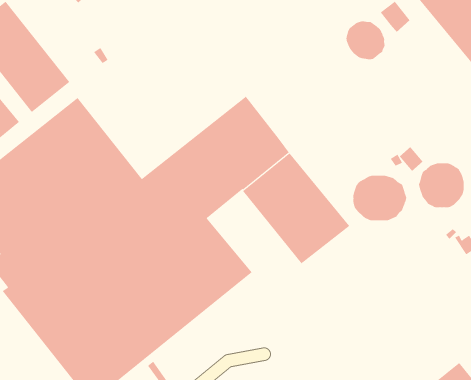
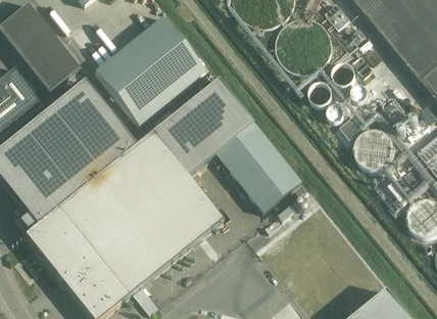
building: none -> [95,15,205,124]
building: [346,20,385,60] -> none
building: [353,175,407,221] -> none

